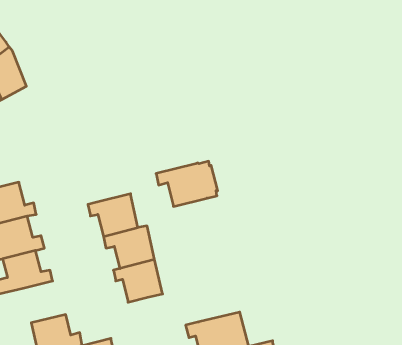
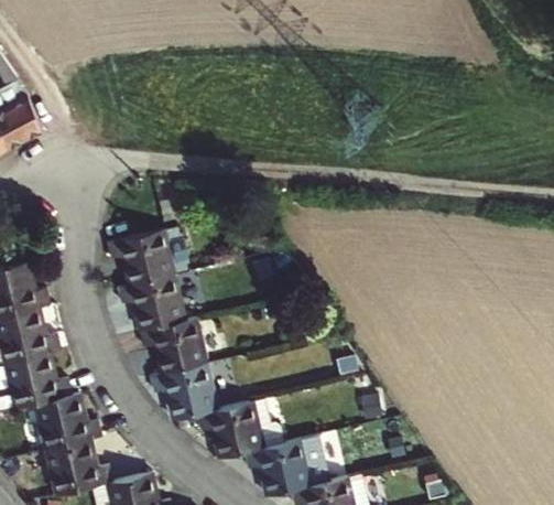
building: [156,161,218,206] -> [109,225,192,286]
building: none -> [33,389,102,448]
building: none -> [200,400,269,458]

